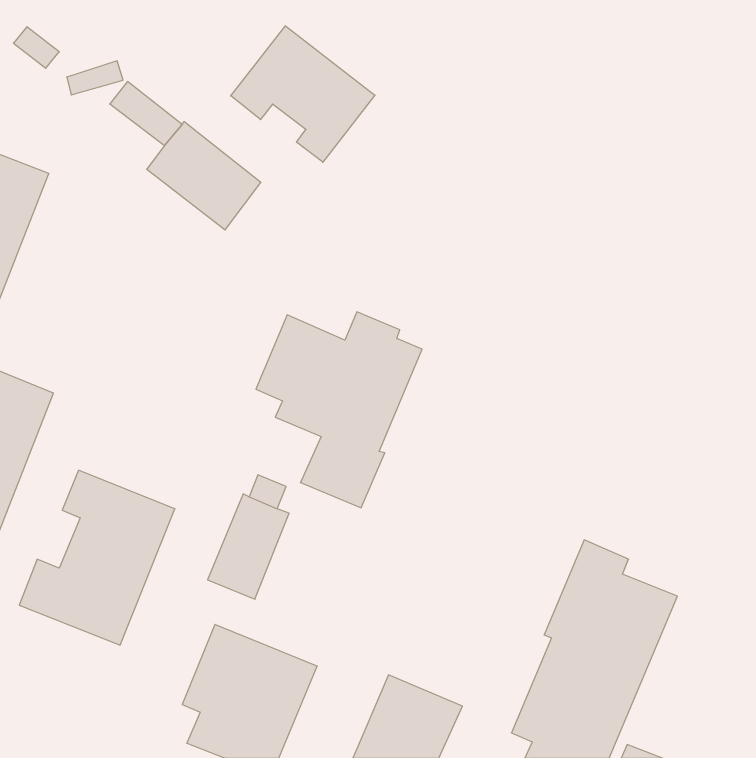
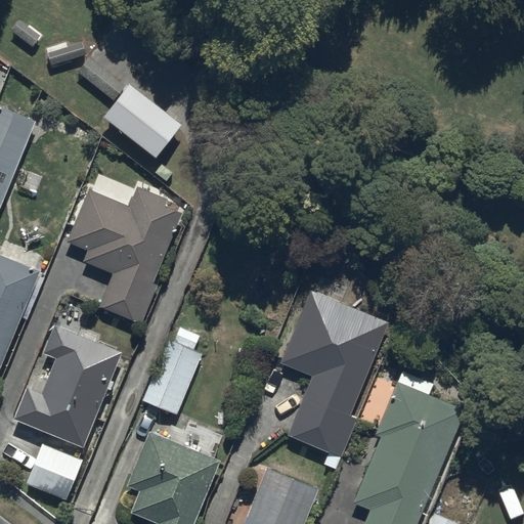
building: [231,26,375,162] -> none
building: [256,312,422,508] -> [69,187,183,322]
building: none -> [275,290,388,458]
building: none -> [25,444,81,500]

